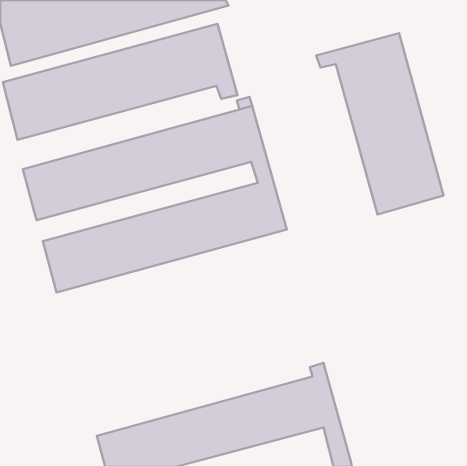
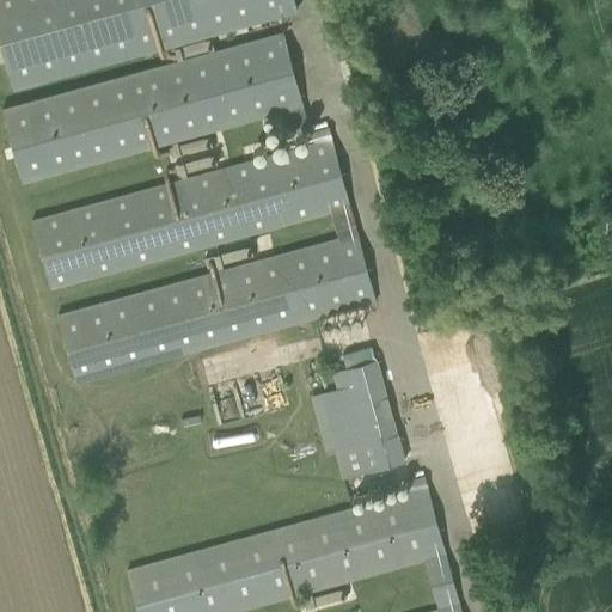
building: [316,33,444,214] -> none
building: none -> [319,361,403,478]

